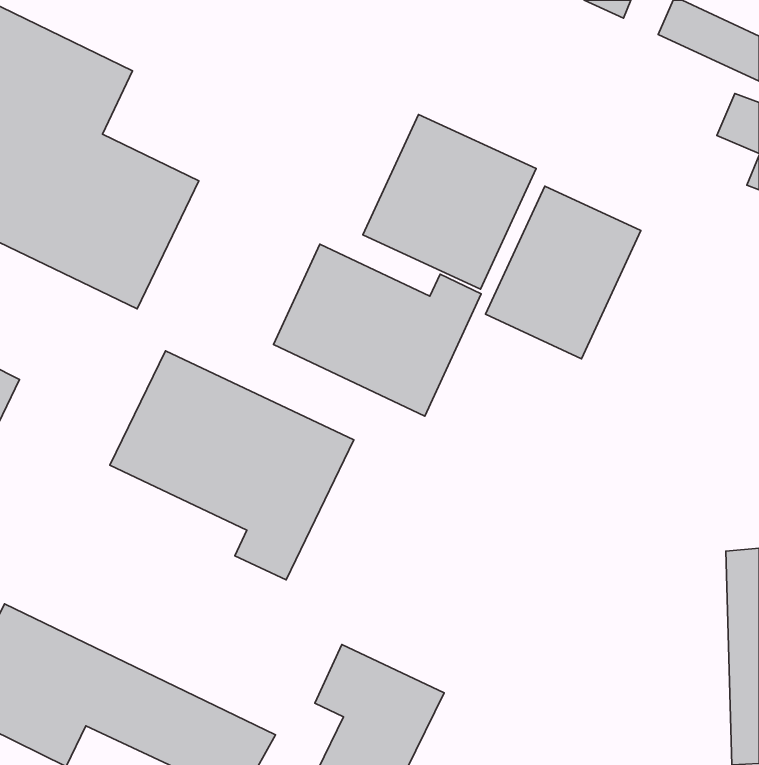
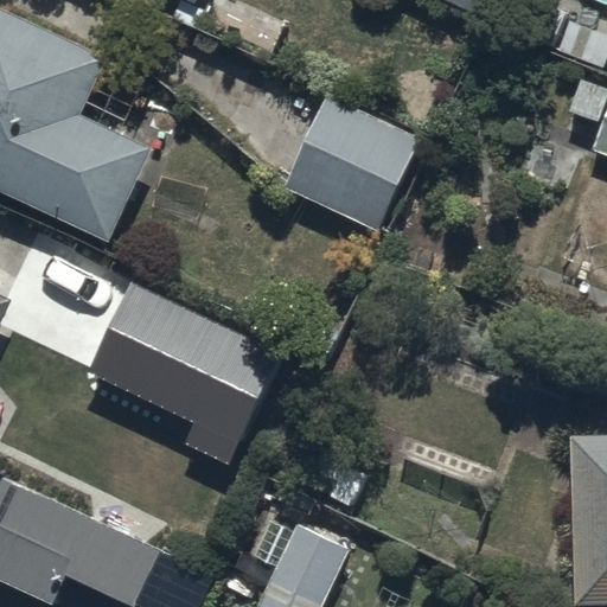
building: [485,186,641,359] -> none
building: [274,244,481,416] -> none

